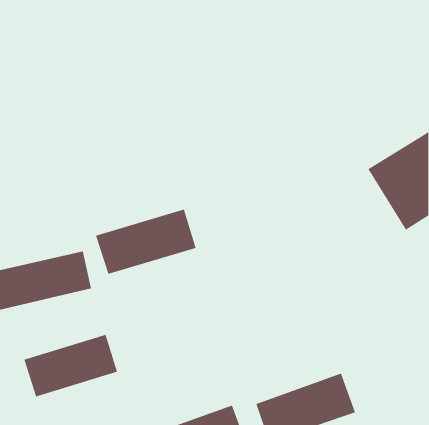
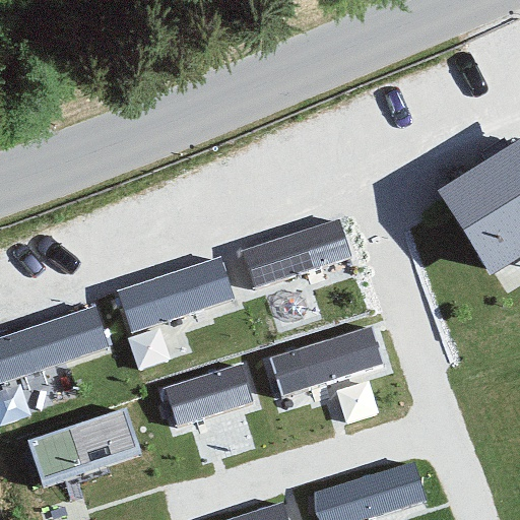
building: none -> [241,217,351,291]
building: none -> [269,329,385,395]
building: none -> [161,358,256,429]

